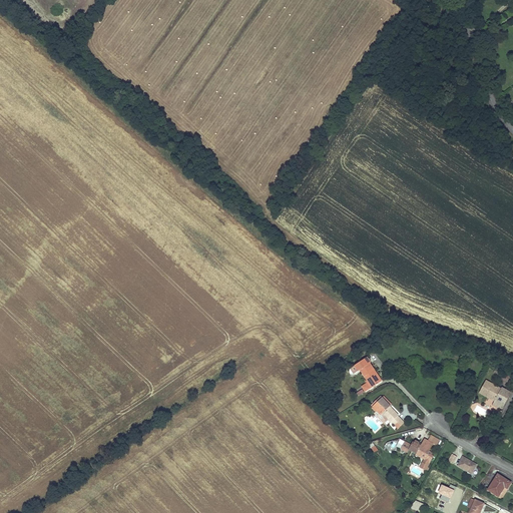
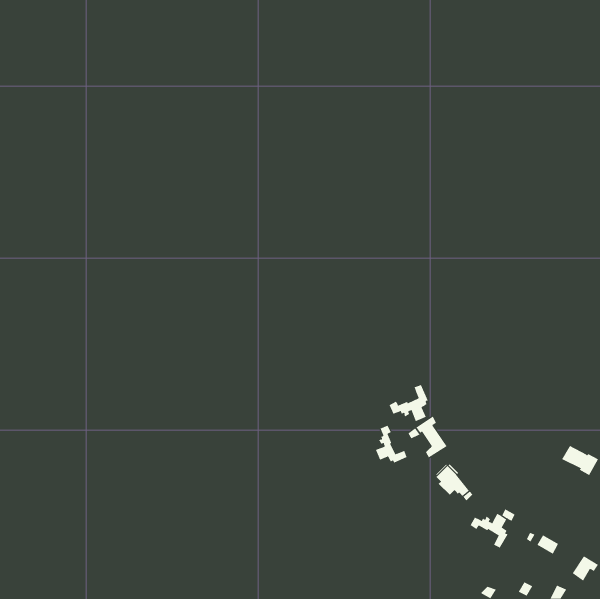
building: none -> [389,384,429,422]
building: none -> [375,425,407,464]

